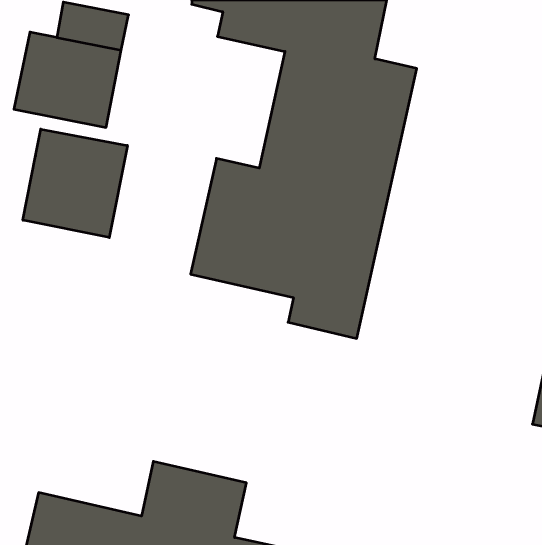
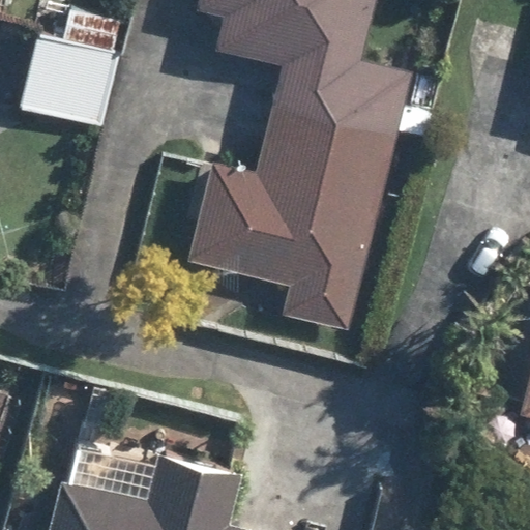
building: [23,129,127,238] -> none

